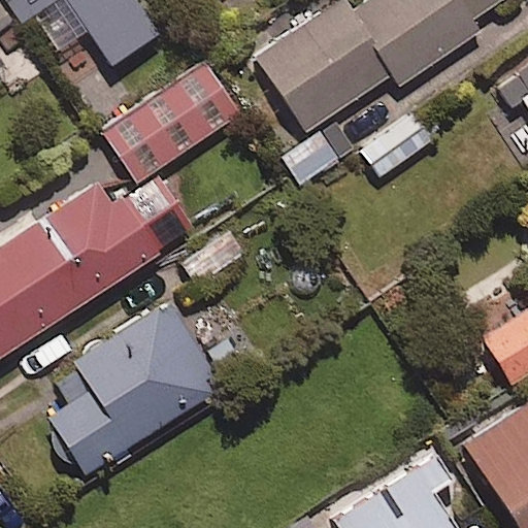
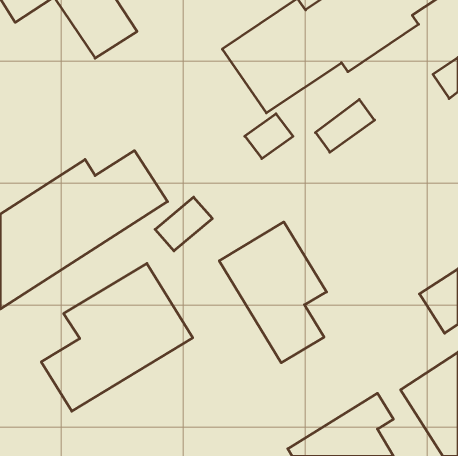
building: [101,62,239,184] -> none
building: none -> [219,222,327,363]

